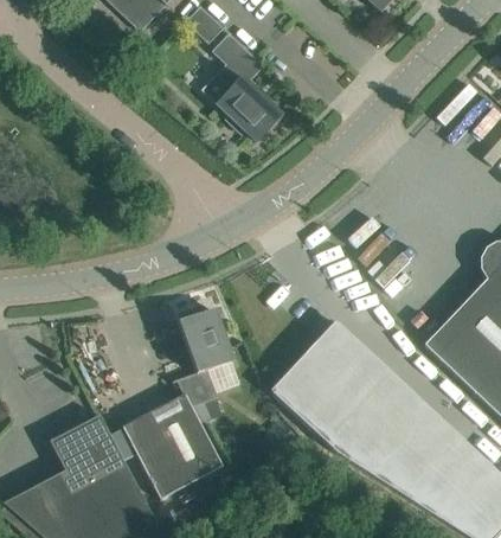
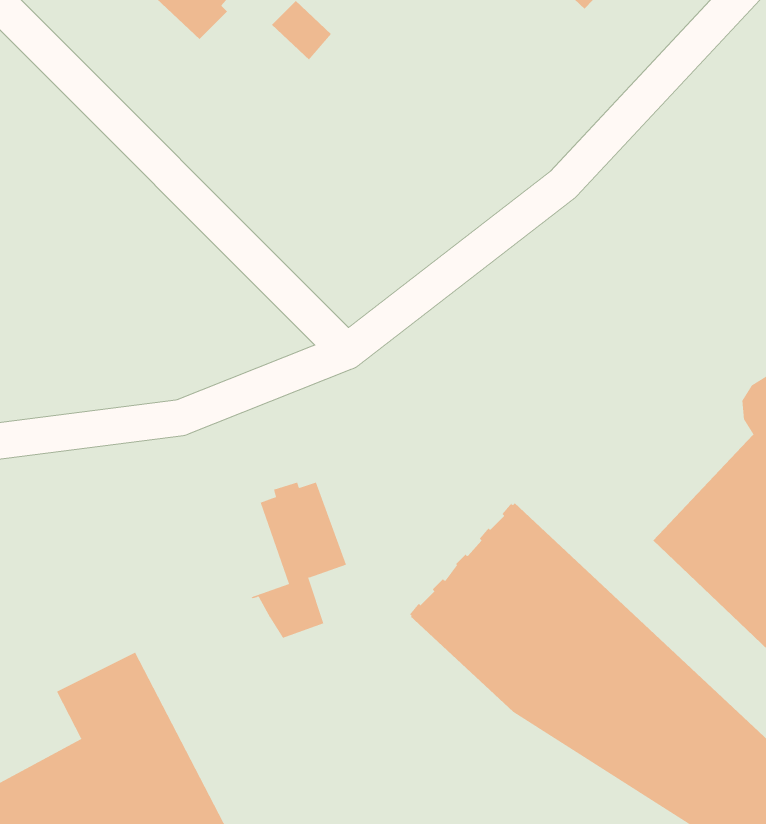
building: [212,32,283,141] -> none
building: [122,392,223,498] -> none

